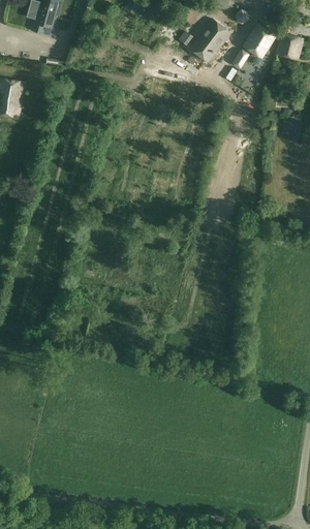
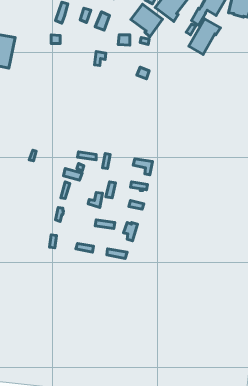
building: none -> [131,4,163,37]
building: none -> [189,19,221,54]

